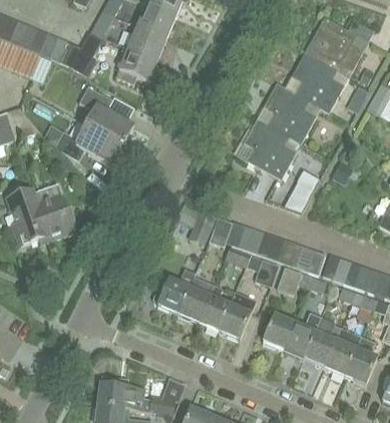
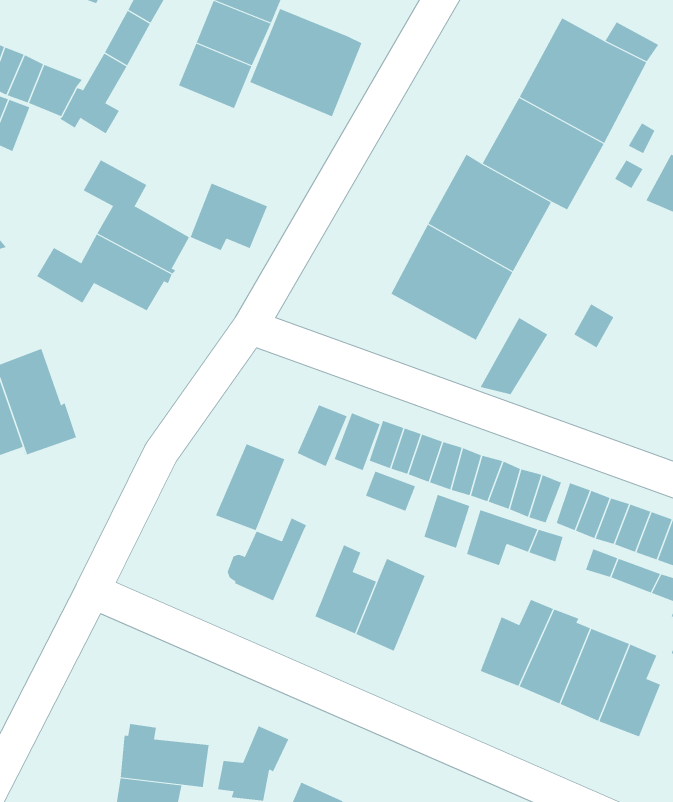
building: none -> [249,8,362,117]
building: [116,48,156,83] -> [190,183,268,251]
building: [176,277,213,322] -> [215,443,285,531]
building: [262,313,294,350] -> none

